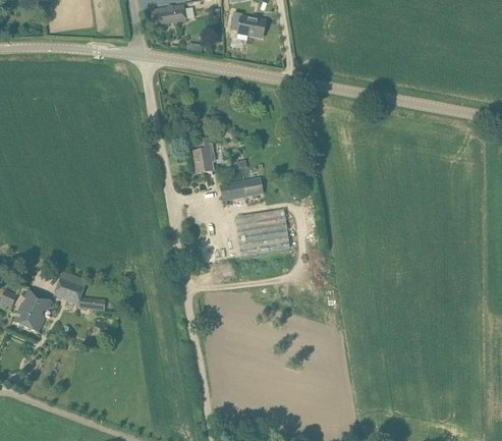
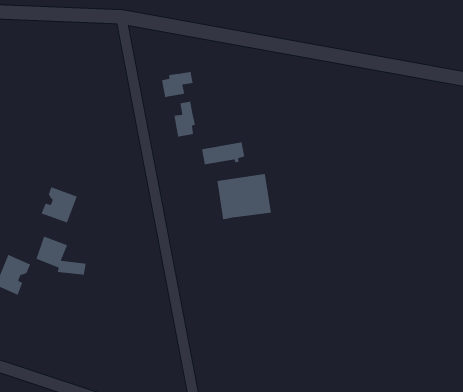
building: none -> [161,71,193,98]
building: none -> [40,186,78,224]

